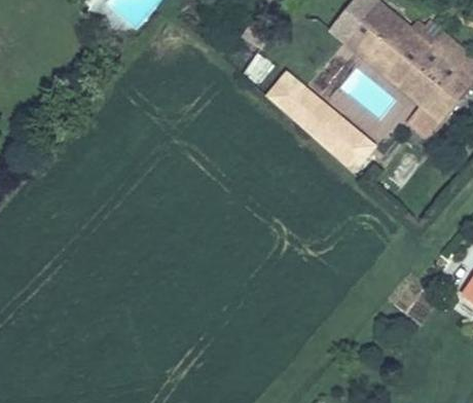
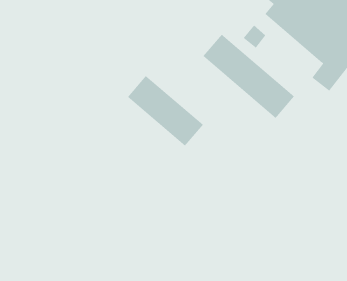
building: none -> [127,75,204,146]

